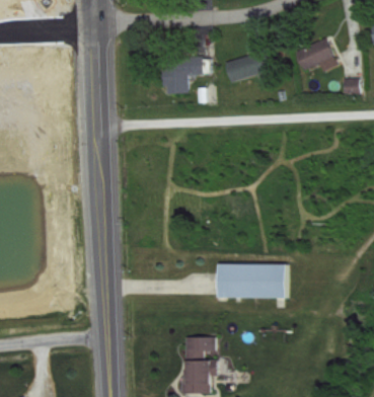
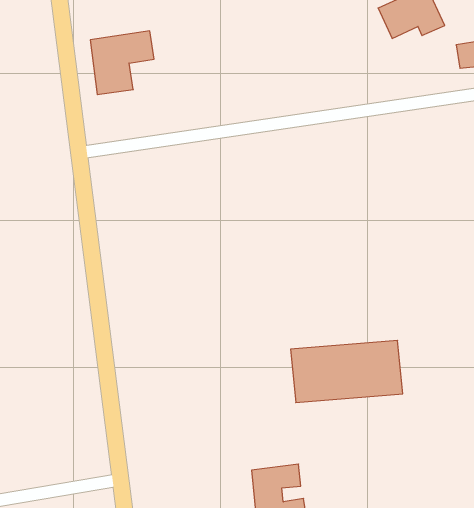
building: [224,49,273,83] -> none
building: [163,57,203,94] -> [90,31,154,95]

